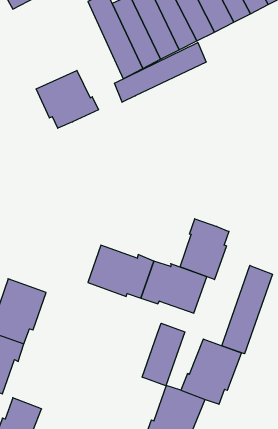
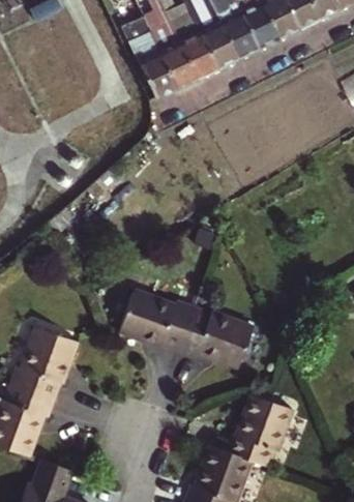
building: [115,42,206,102] -> none
building: [36,70,98,128] -> none
building: [180,219,229,280] -> none
building: [222,265,273,354] -> none
building: [142,323,185,386] -> none

